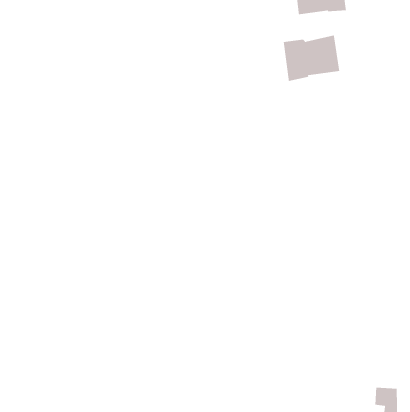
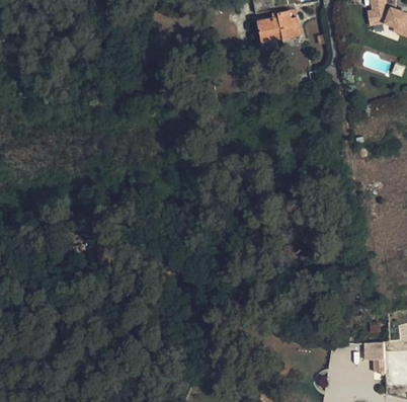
building: [283,35,340,82] -> none

